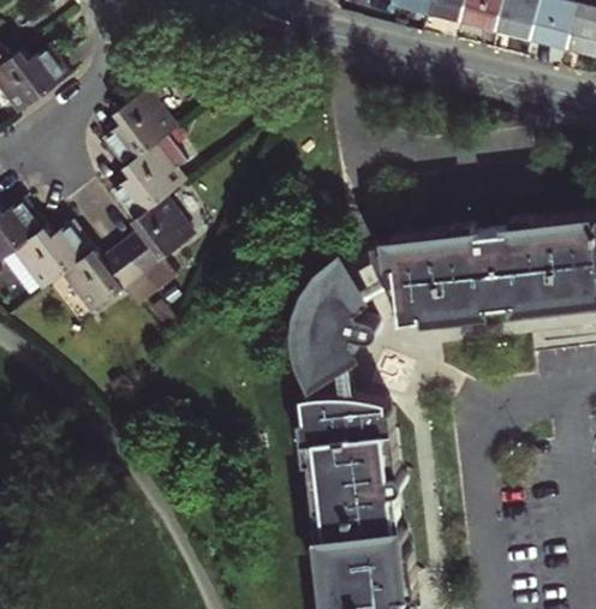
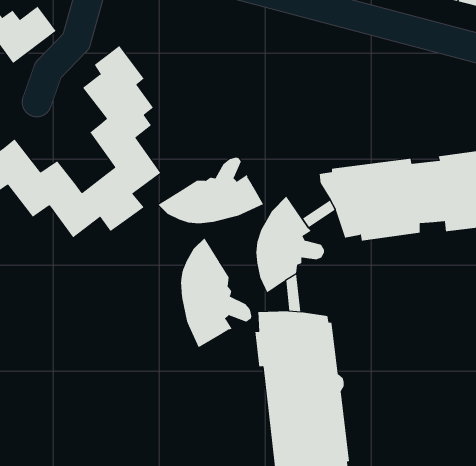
building: none -> [157,157,264,224]
building: none -> [181,238,252,348]

